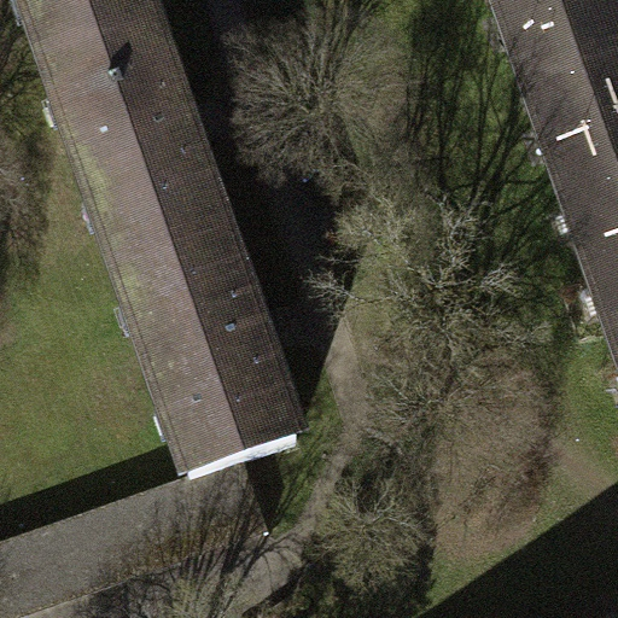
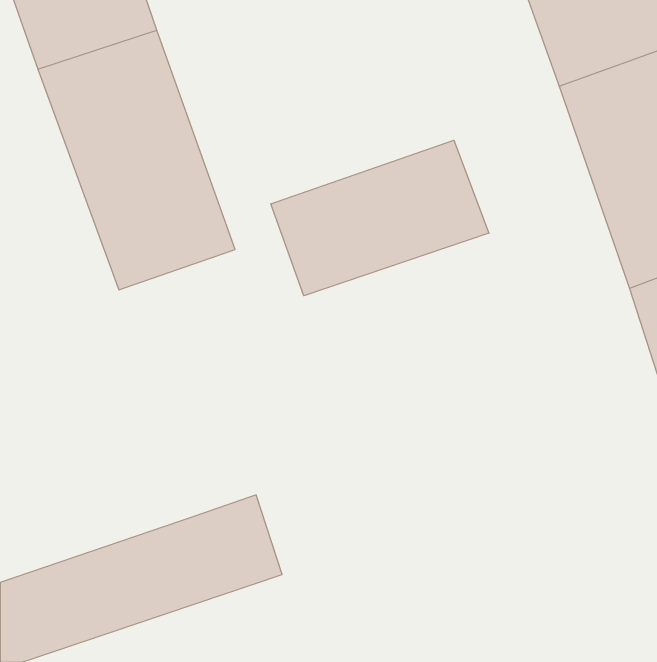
building: none -> [271,140,489,296]
building: [119,231,299,477] -> none

